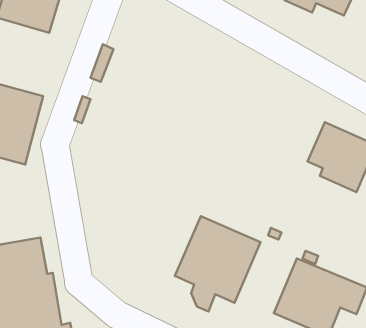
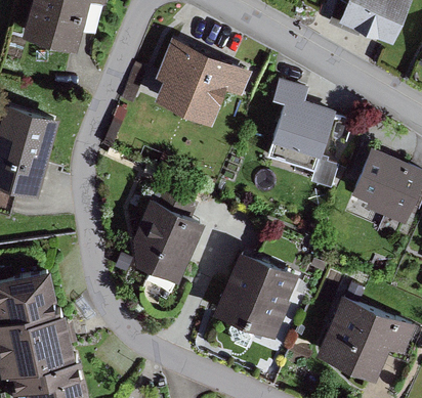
building: none -> [154,40,251,123]
building: none -> [264,83,334,176]
building: none -> [131,190,203,281]

